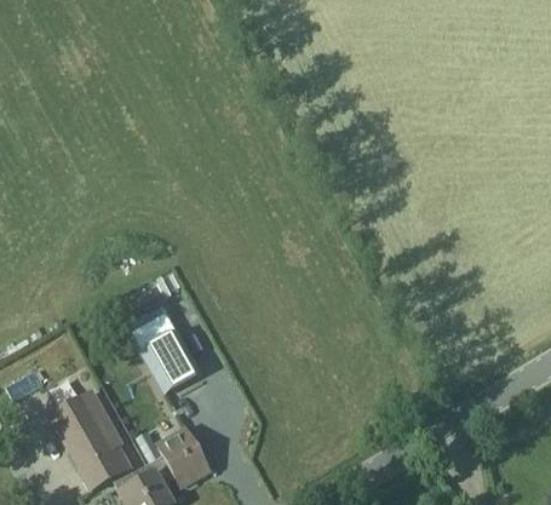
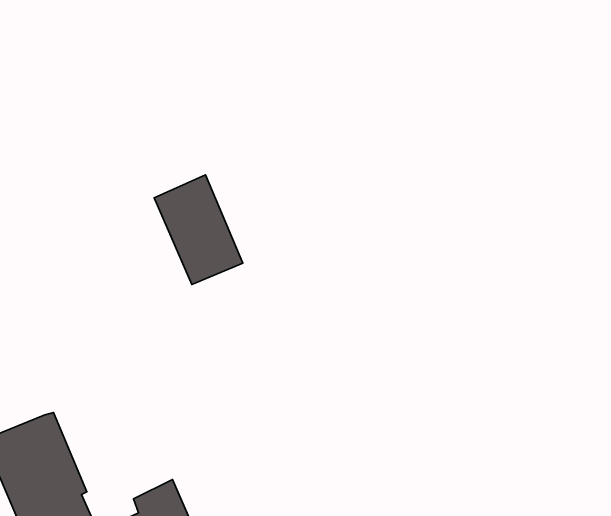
building: [130,310,199,390] -> [154,175,243,285]

